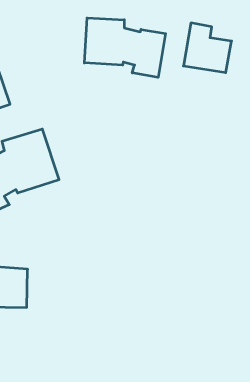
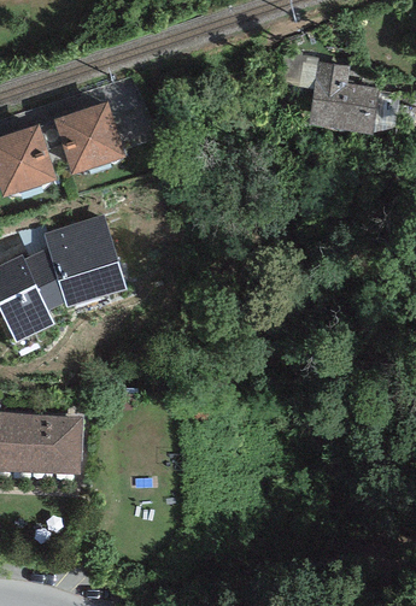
building: [84,18,166,77] -> none
building: none -> [53,101,124,173]

